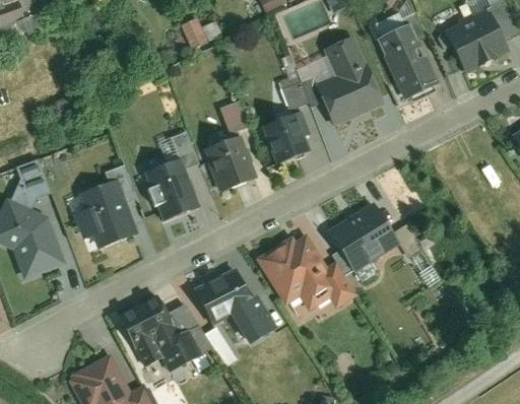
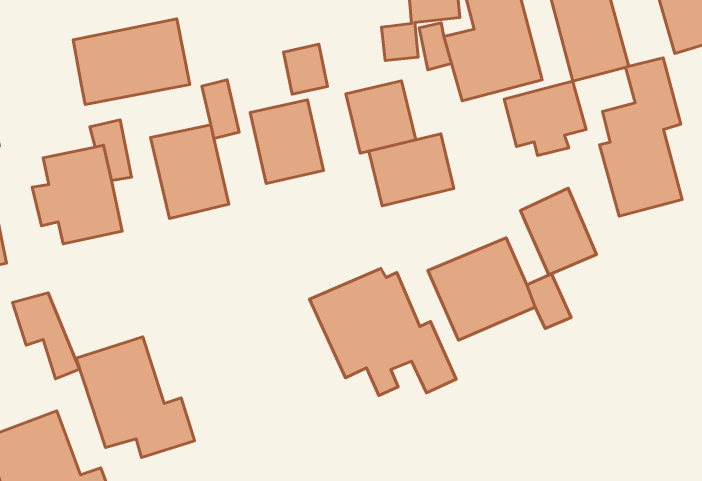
building: none -> [599,58,682,216]
building: none -> [73,19,190,104]
building: none -> [504,81,586,156]
building: none -> [369,134,454,206]
building: none -> [520,188,597,275]
building: [194,263,276,346] -> none
building: [165,302,212,355] -> [13,293,80,379]

